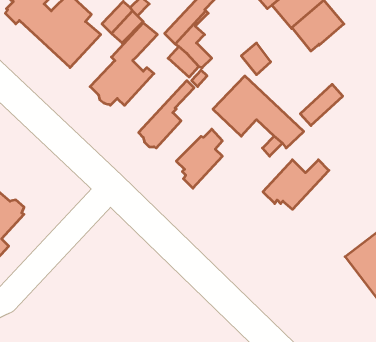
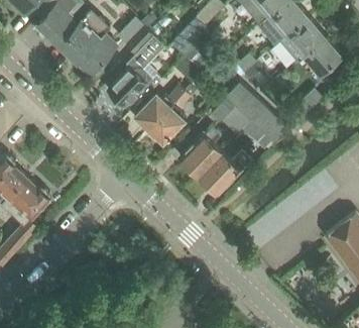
building: none -> [303,37,341,81]
building: none -> [133,86,185,130]
building: [263,160,329,209] -> [195,150,251,193]

